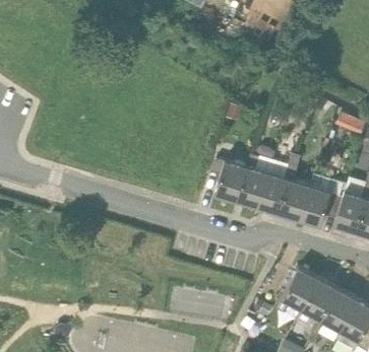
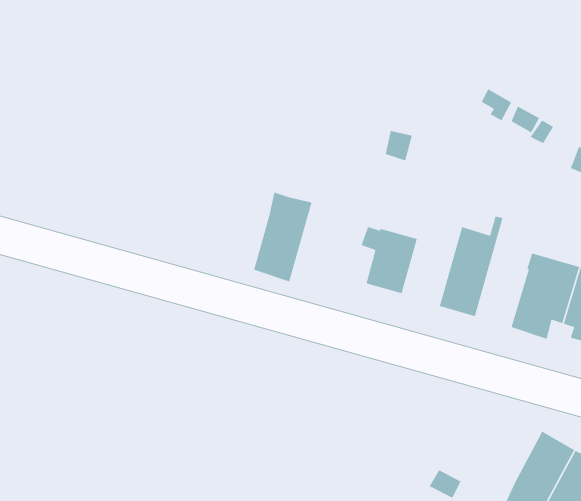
building: [238,154,272,207] -> [253,192,312,282]
building: [281,155,311,219] -> none
building: [276,269,319,313] -> none

